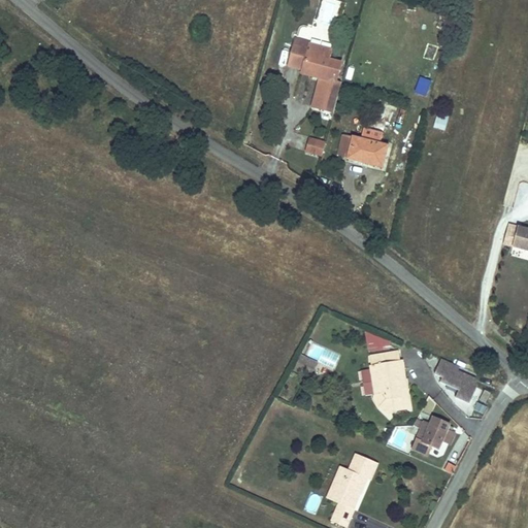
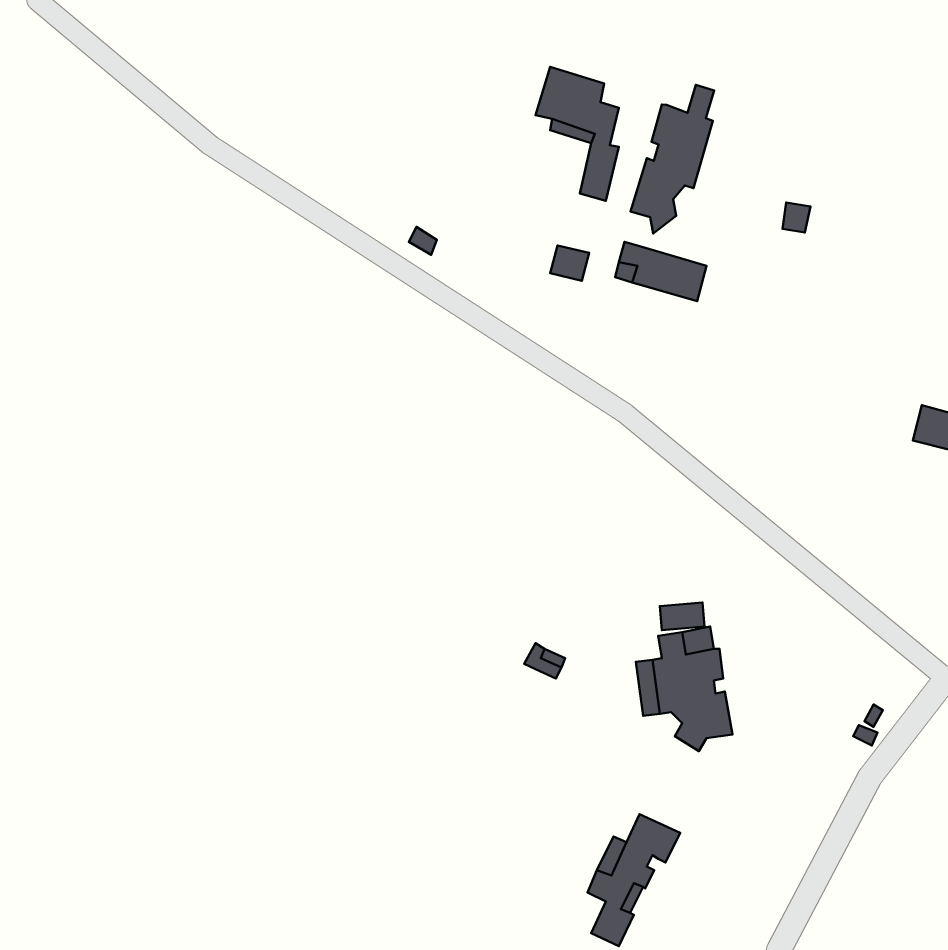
building: none -> [630,85,714,234]
building: [432,356,474,401] -> none
building: [410,417,454,455] -> none

